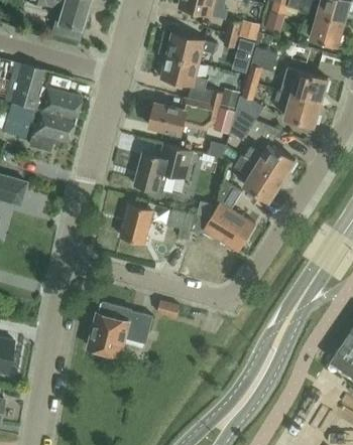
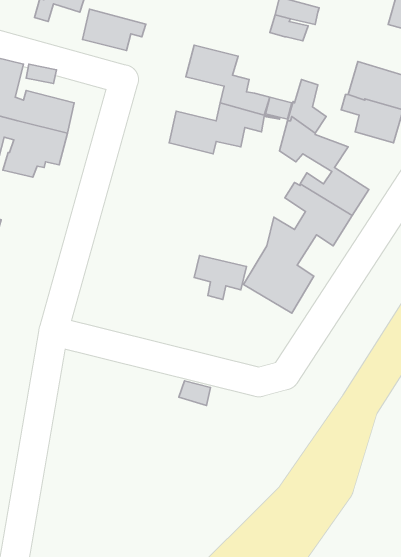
building: [167,32,214,62] -> [83,9,146,50]
building: [246,47,277,84] -> none
building: [134,144,193,192] -> none
building: [121,203,156,243] -> none
building: [89,301,153,356] -> none

